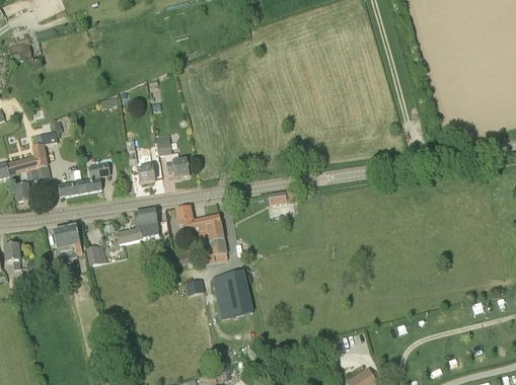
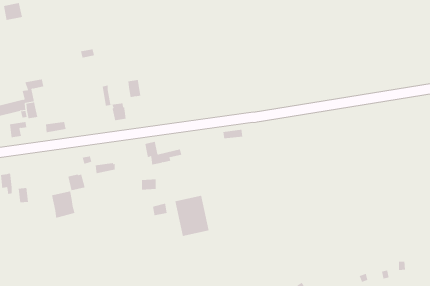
building: [165,152,190,176] -> none
building: [82,162,110,191] -> none
building: [135,211,159,238] -> none
building: [198,222,227,262] -> none
building: [54,226,82,258] -> [51,191,75,218]

